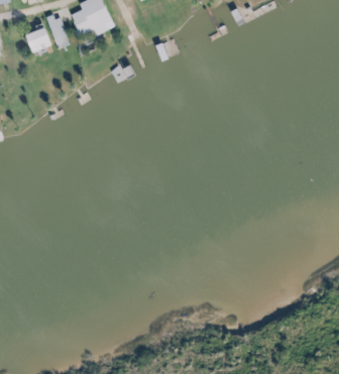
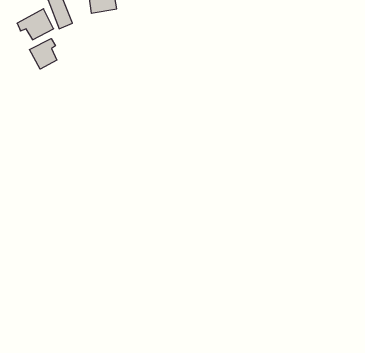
building: none -> [29,39,57,69]

